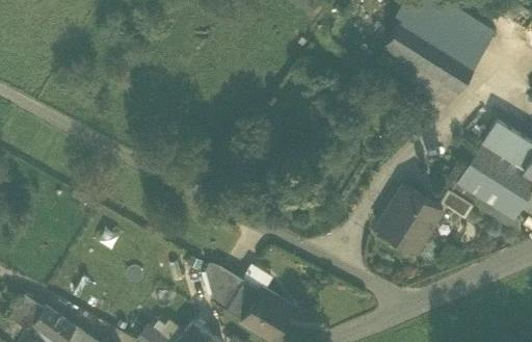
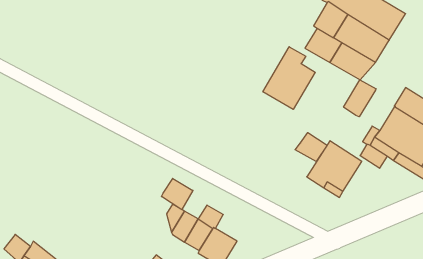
building: none -> [263,47,315,109]
building: none -> [344,80,376,117]
building: none -> [295,133,327,162]
building: none -> [161,178,193,209]

